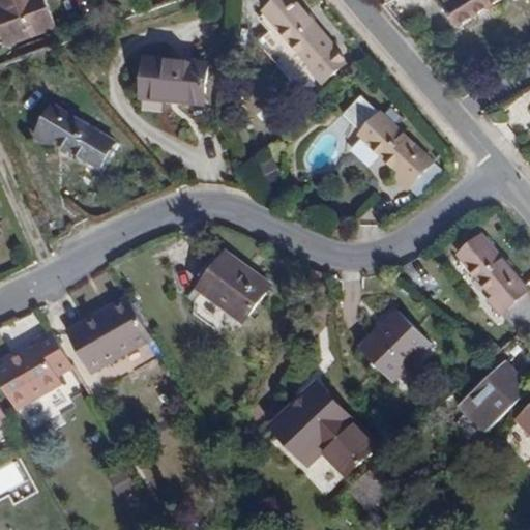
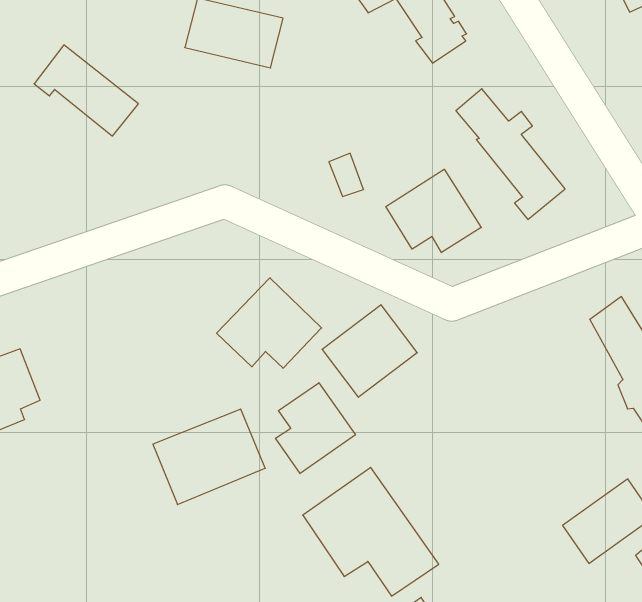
building: none -> [386,169,481,253]
building: [65,297,149,373] -> [153,409,265,505]
building: [360,311,430,380] -> [322,305,417,397]
building: none -> [276,383,355,474]

